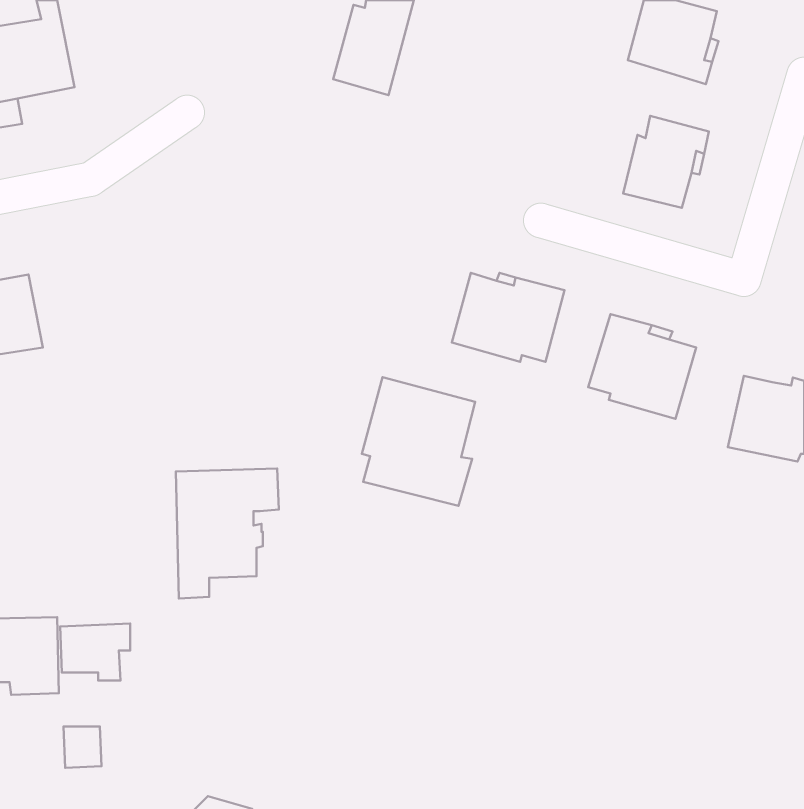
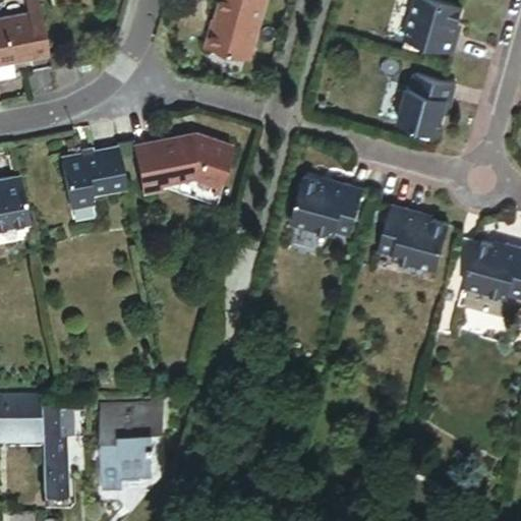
building: none -> [132,135,231,193]
building: none -> [58,149,124,209]
building: [362,377,475,506] -> none
building: [176,468,279,598] -> [100,409,166,493]
building: none -> [40,432,64,467]

